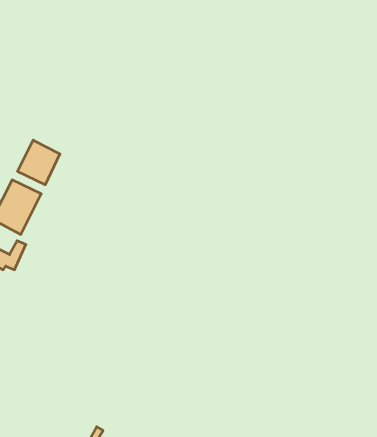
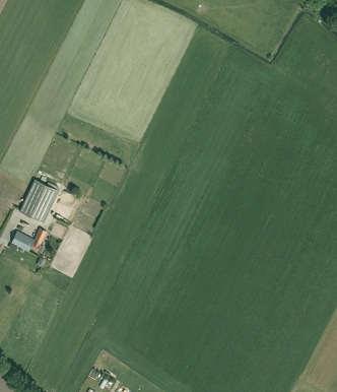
building: [18,140,60,185] -> none

